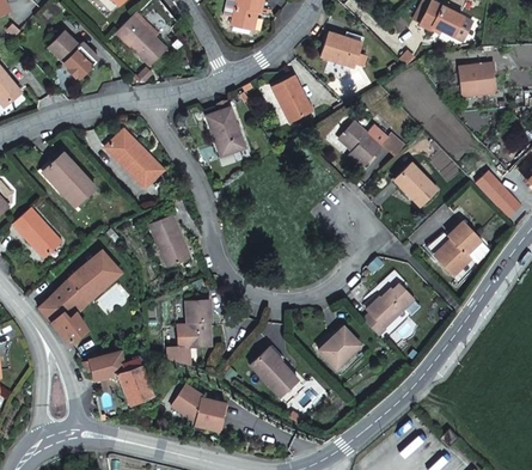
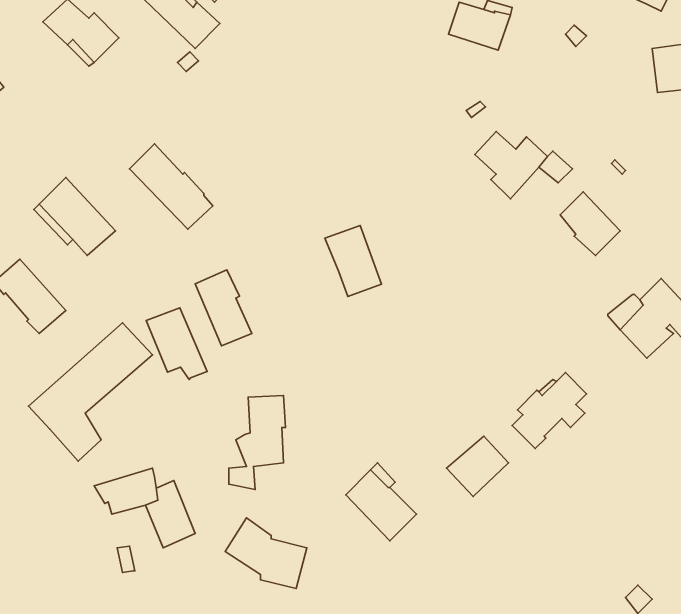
building: [271,77,311,122] -> none
building: [206,109,244,157] -> [325,226,381,296]
building: none -> [146,308,207,379]

